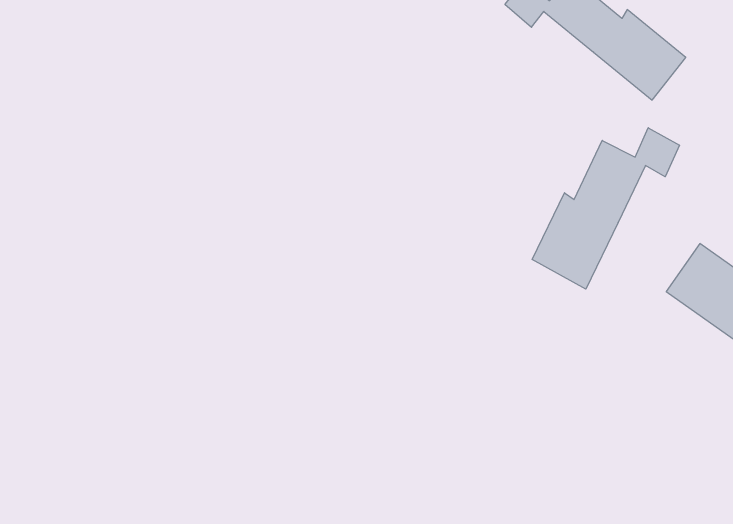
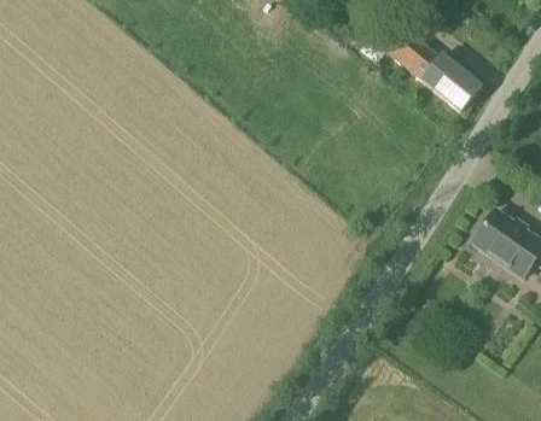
building: [532,128,679,289] -> none

